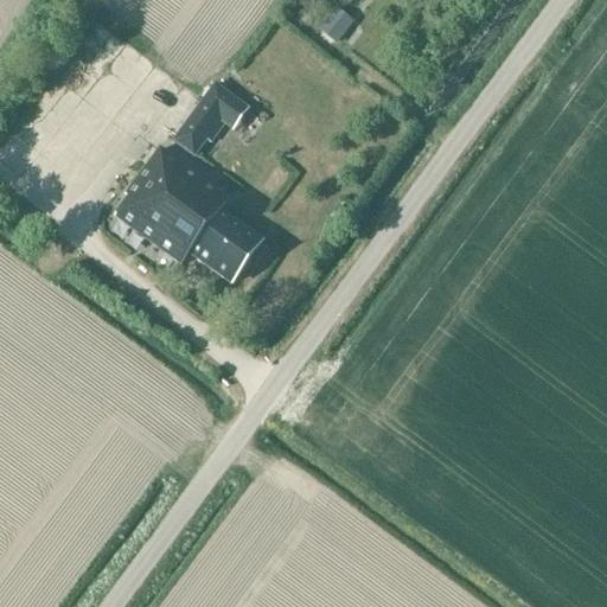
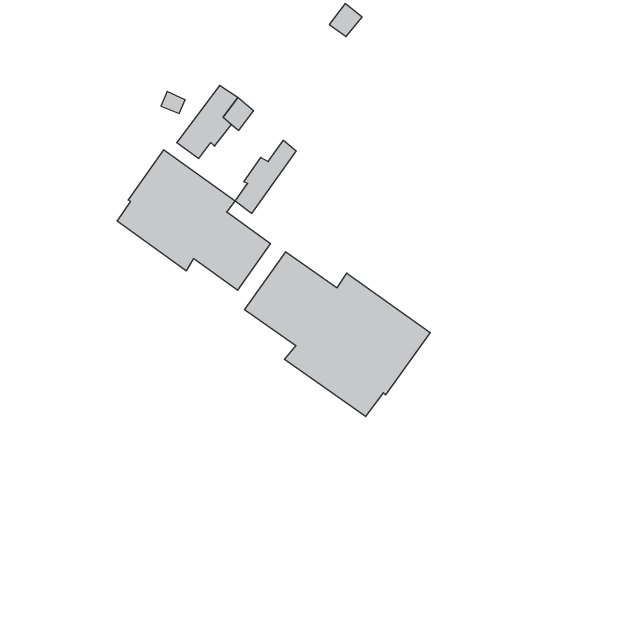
building: none -> [235,140,296,213]
building: none -> [245,252,430,417]

